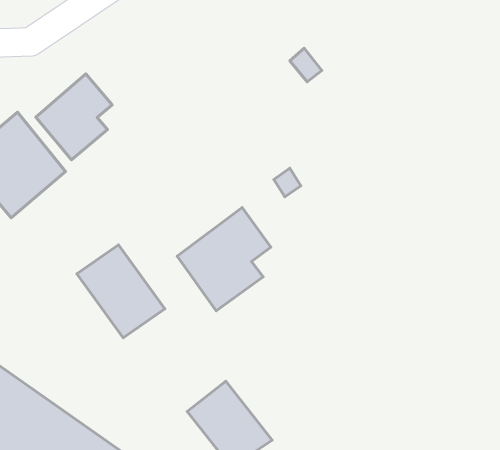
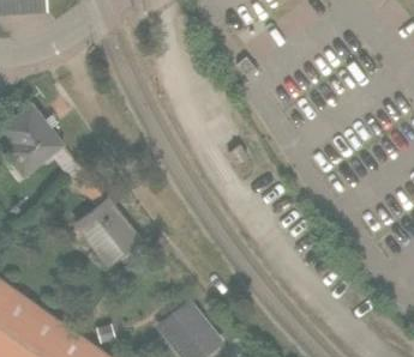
building: [36,74,112,160] -> none
building: [177,207,271,311] -> none

